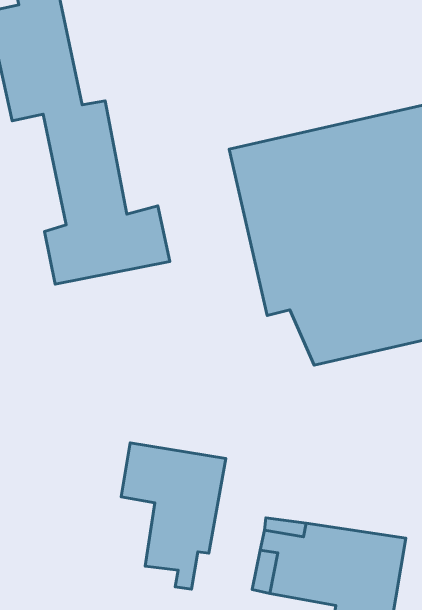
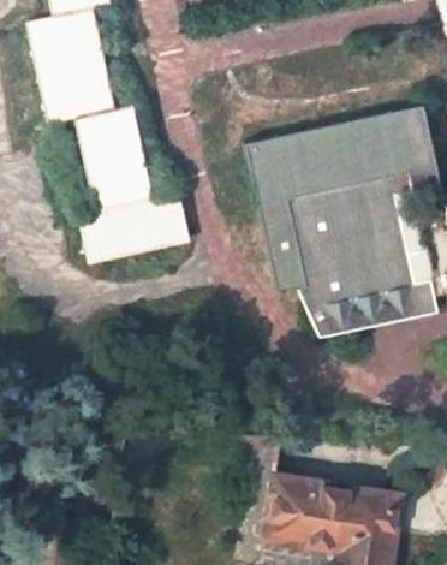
building: [121,443,226,589] -> none

